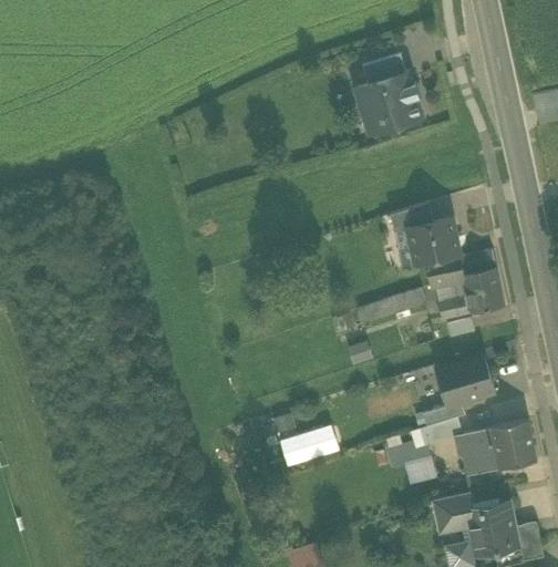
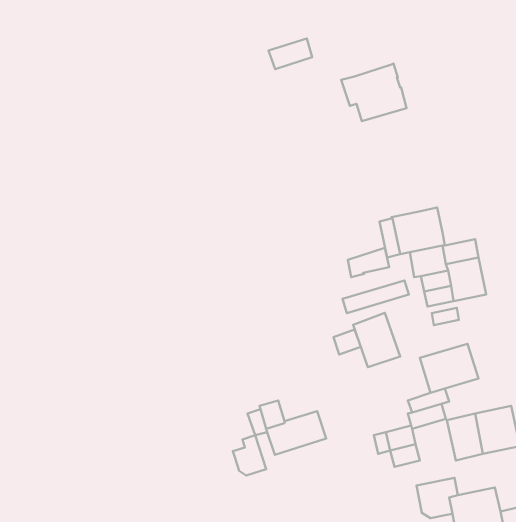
building: [362,53,406,84] -> [269,39,312,69]
building: [391,202,433,231] -> [348,248,389,277]
building: none -> [353,313,400,367]
building: none -> [233,435,266,476]

